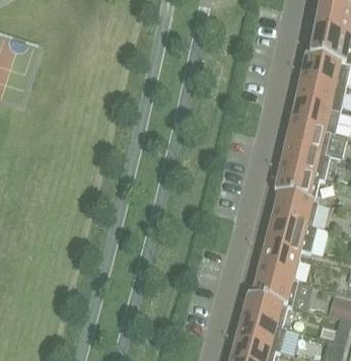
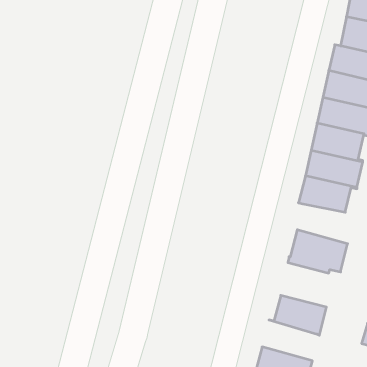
building: [272,192,318,226] -> none
building: [258,242,299,281] -> none
building: [241,292,289,328] -> none

